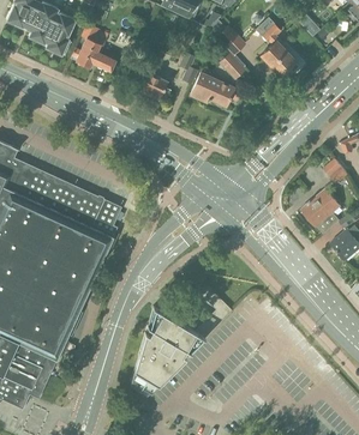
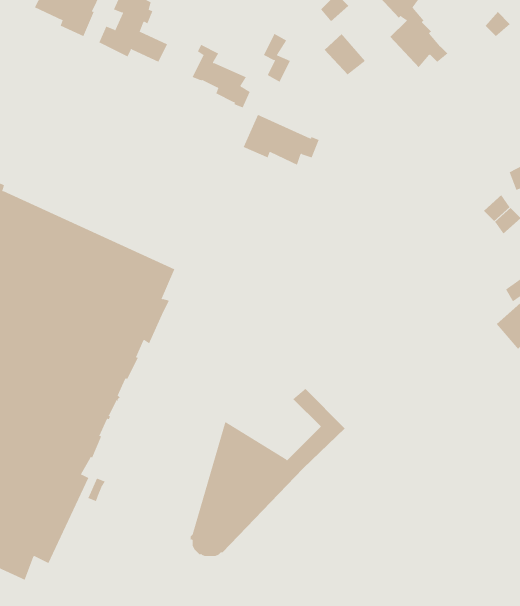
building: [191,73,241,107] -> [243,114,320,165]
building: [301,188,341,226] -> none

